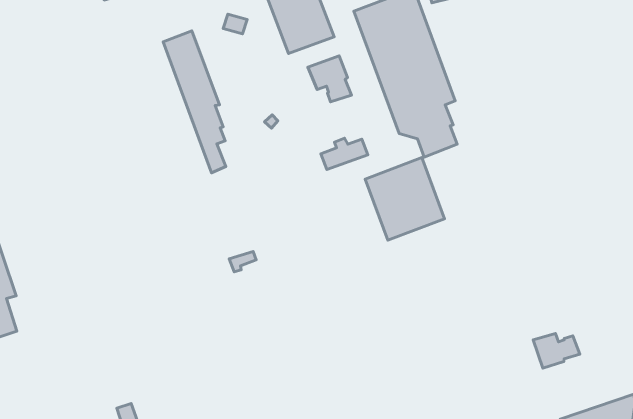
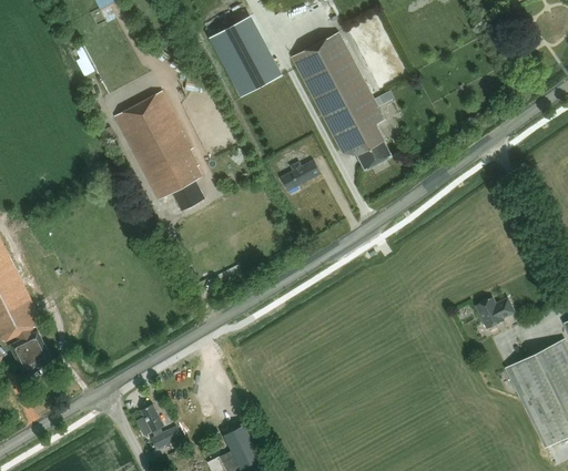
building: none -> [114,103,193,211]
building: [308,56,351,102] -> none
building: [365,158,444,240] -> none

